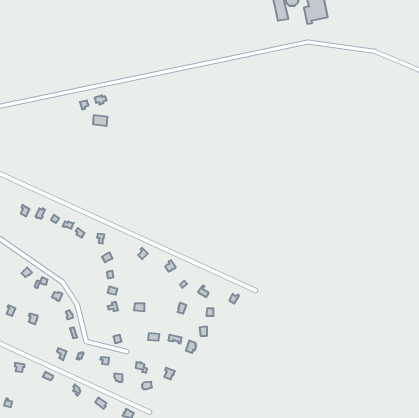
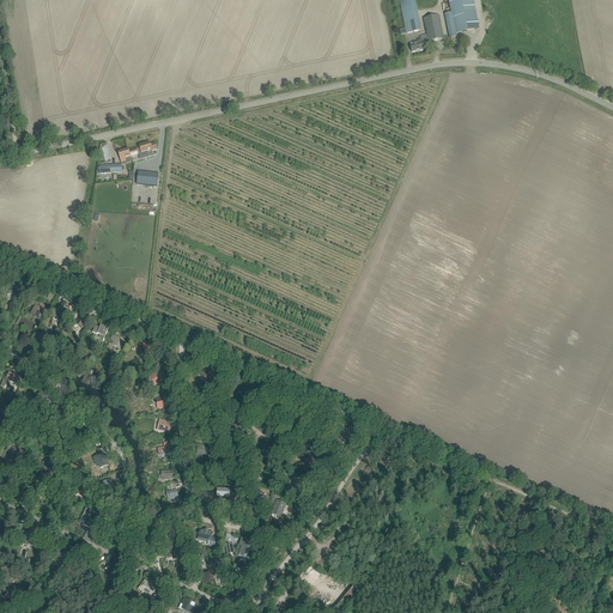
building: none -> [408,12,442,49]

